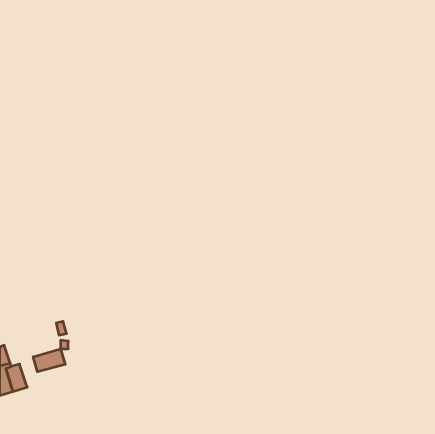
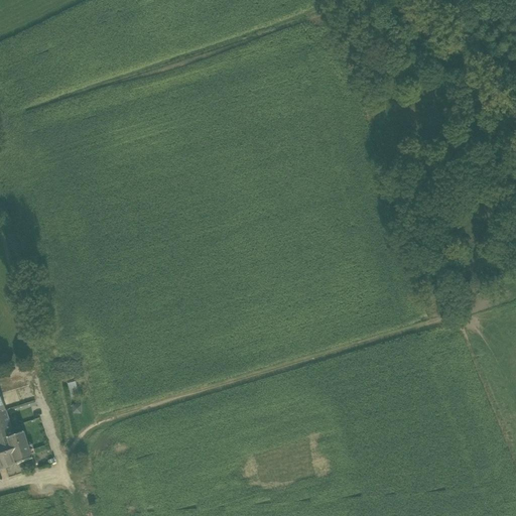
building: [33,349,65,372] -> none

